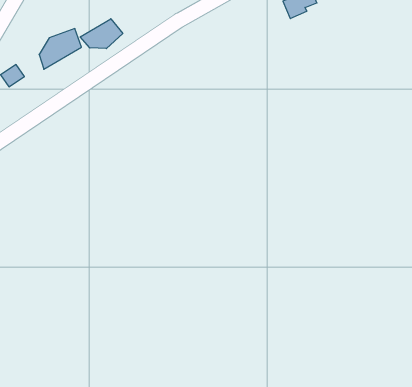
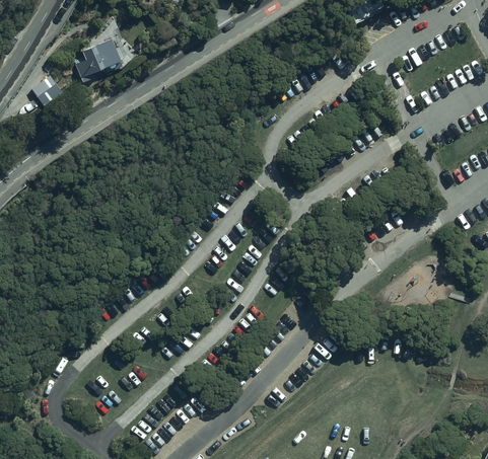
building: [80,19,123,49] -> none

